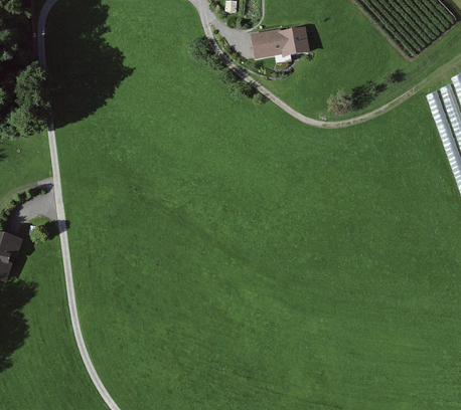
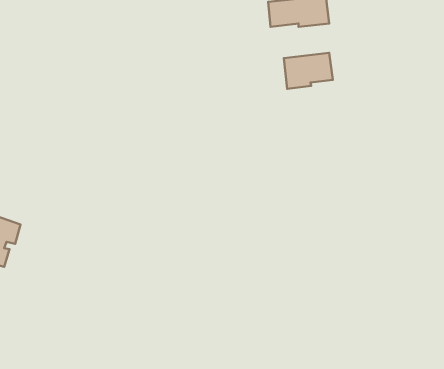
building: none -> [284,53,333,89]

